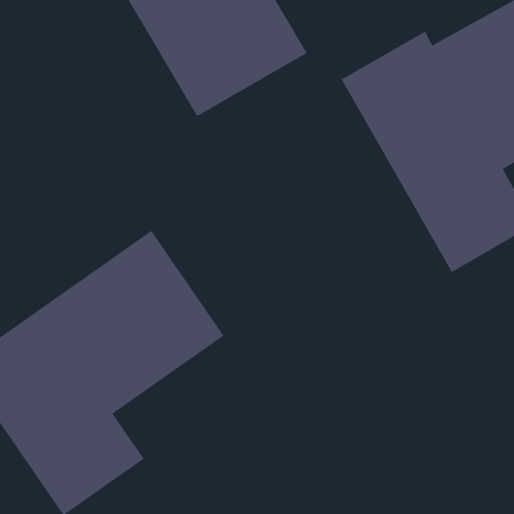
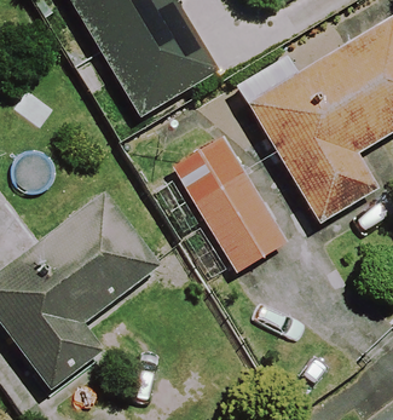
building: none -> [174,136,288,272]

